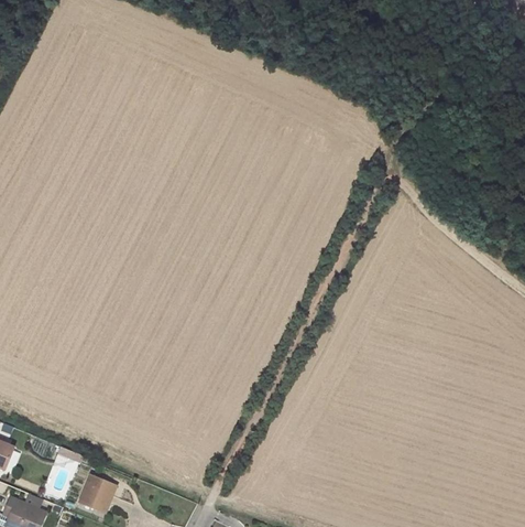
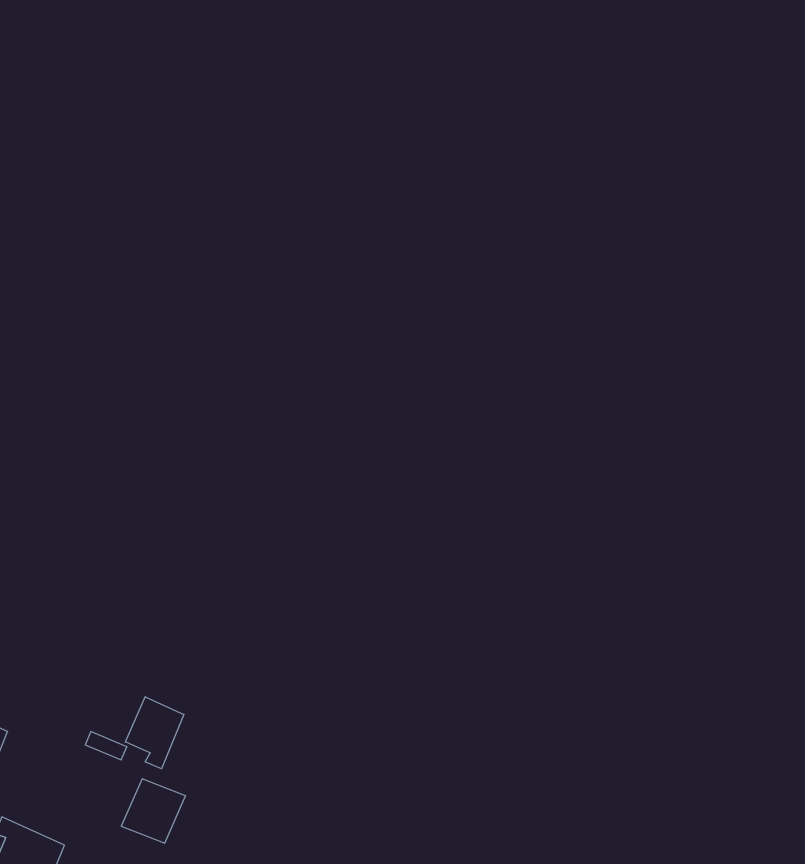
building: none -> [125,697,184,769]

